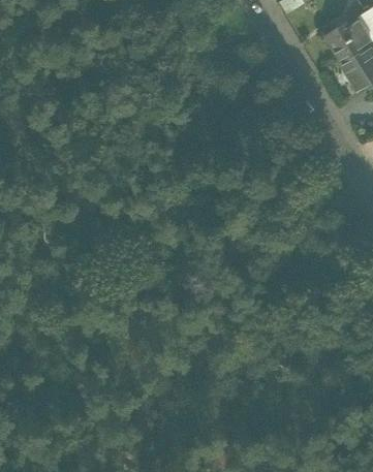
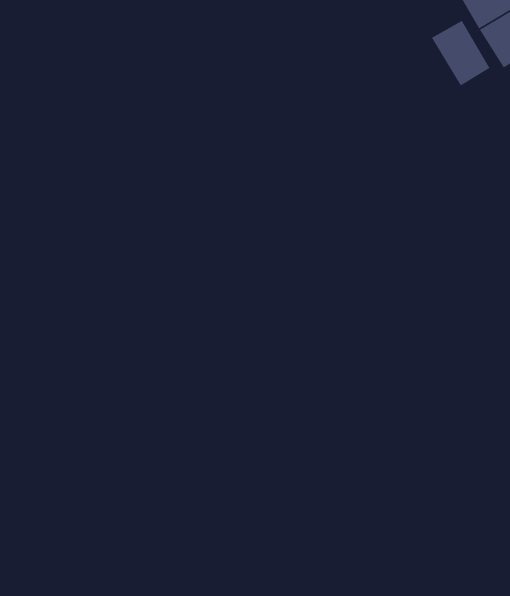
building: none -> [431,20,491,87]

